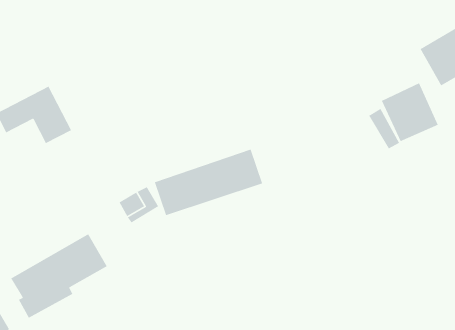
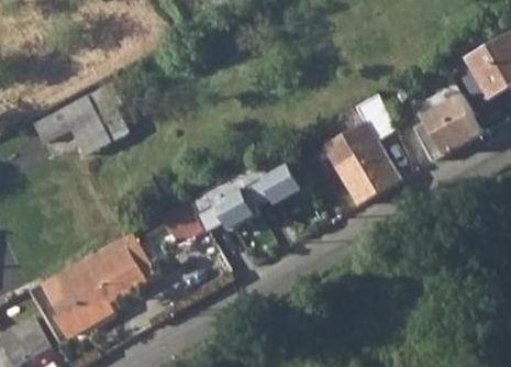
building: none -> [84,84,125,143]
building: none -> [321,96,402,208]
building: none -> [40,234,153,294]

